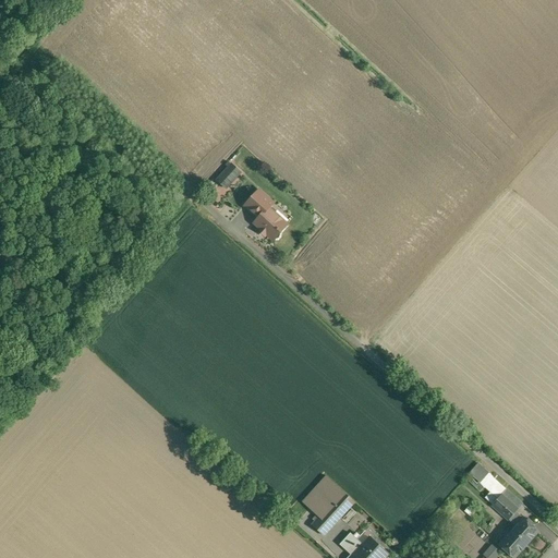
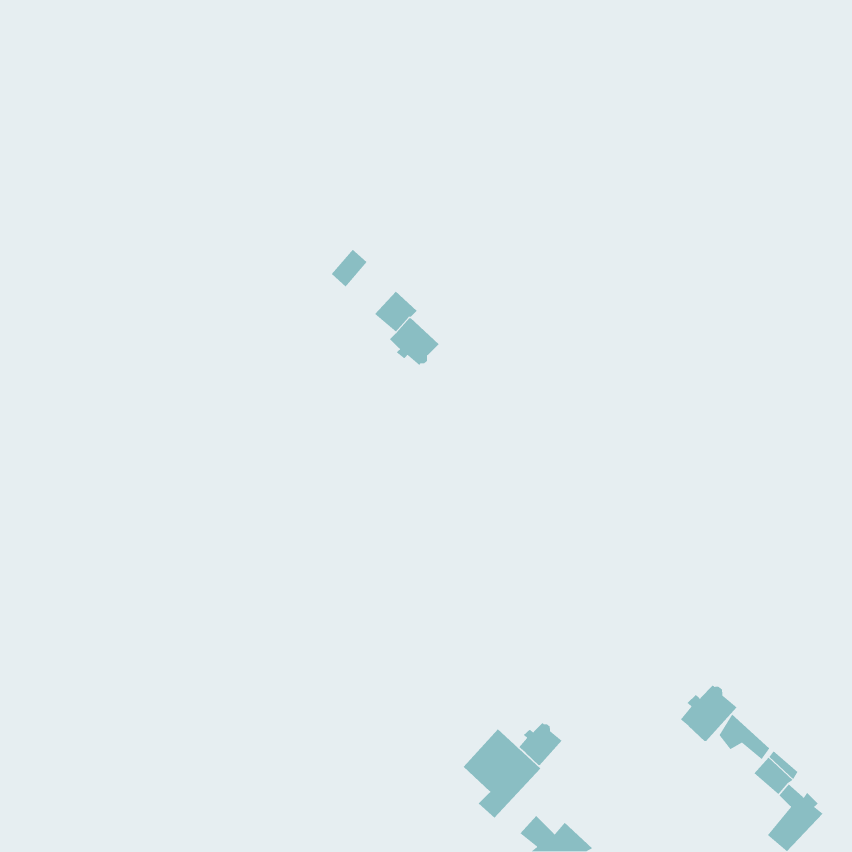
building: none -> [680,685,737,742]
building: none -> [518,722,562,766]

